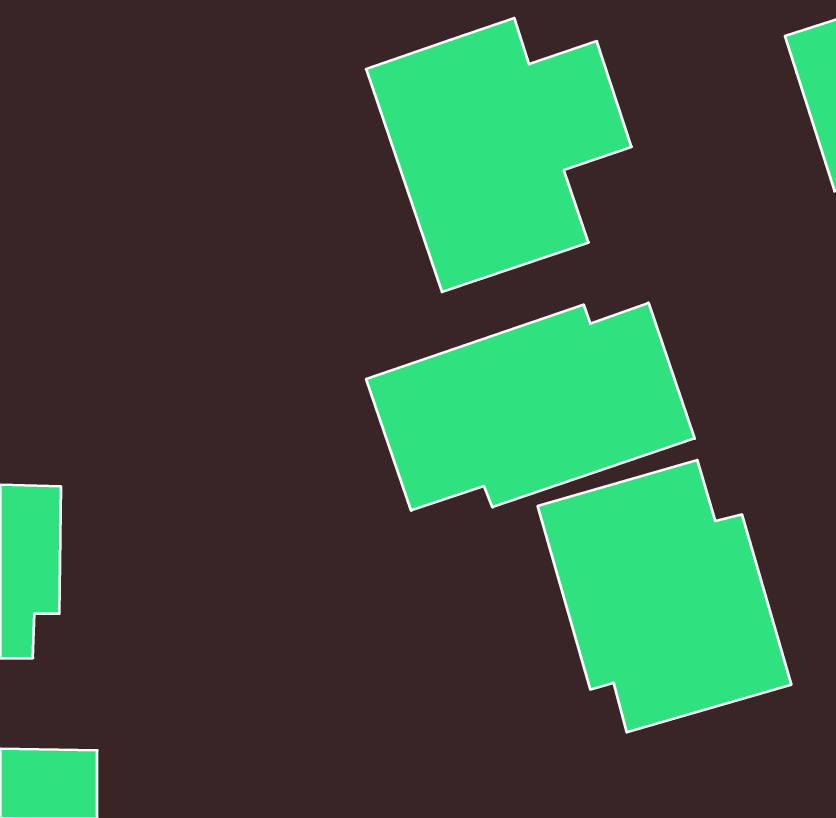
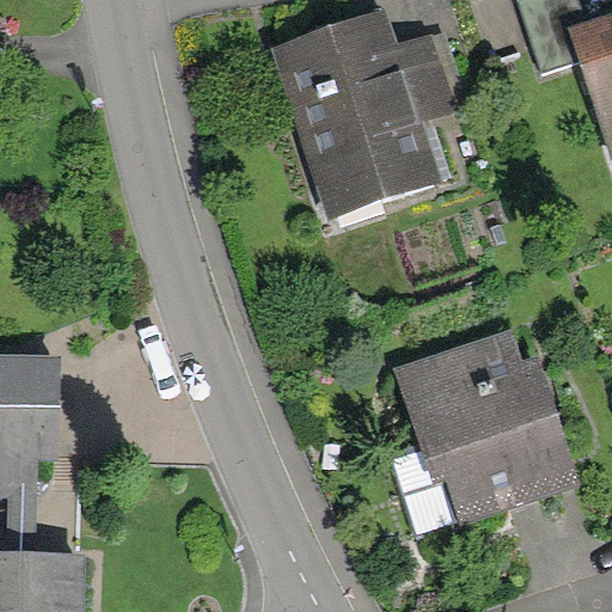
building: [366,303,695,511] -> none

